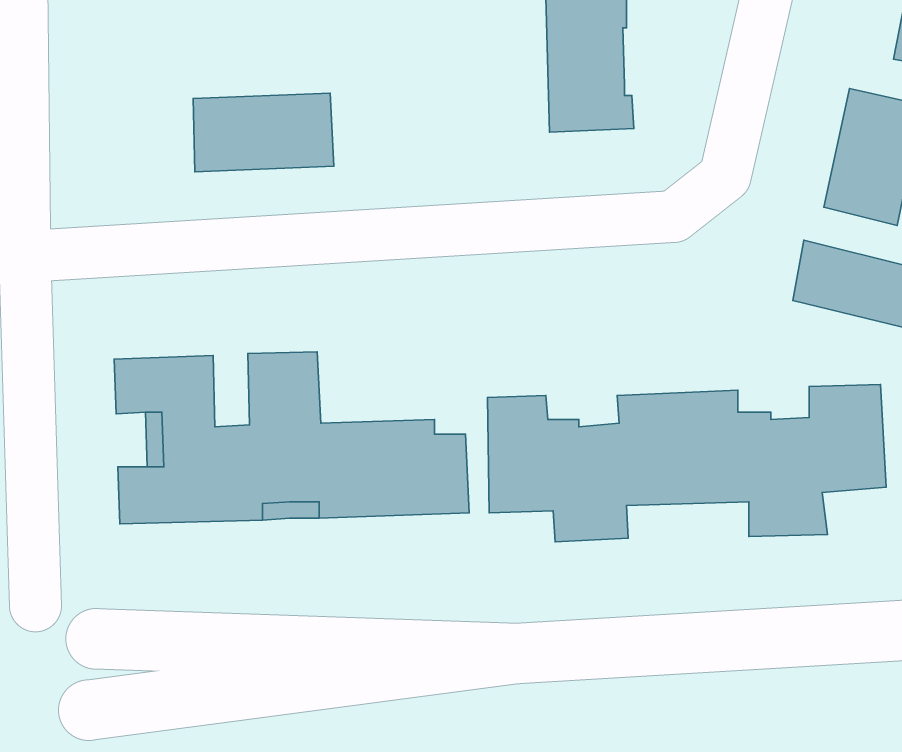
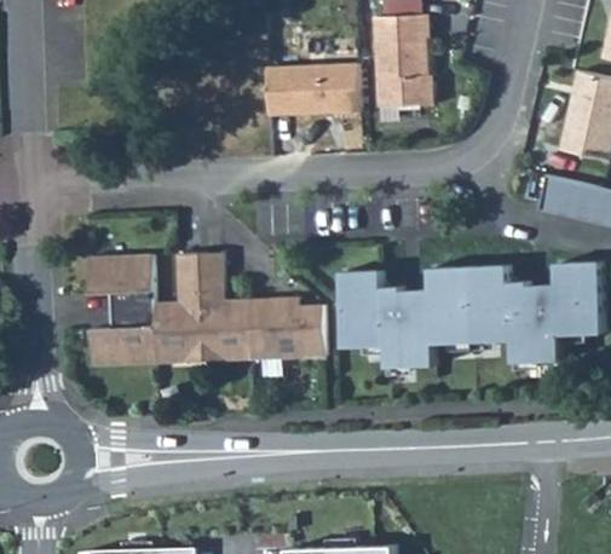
building: [193,93,334,172] -> [267,60,361,112]

